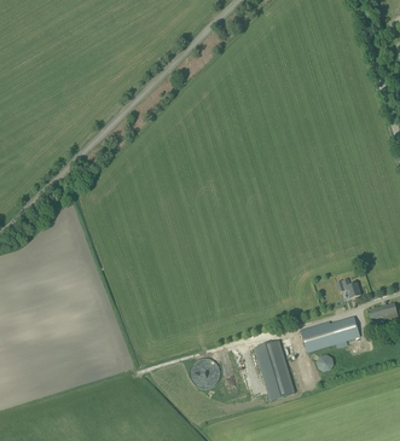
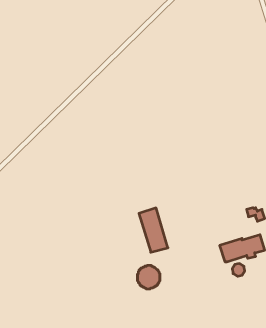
building: [255,340,294,399] -> [139,208,168,252]

